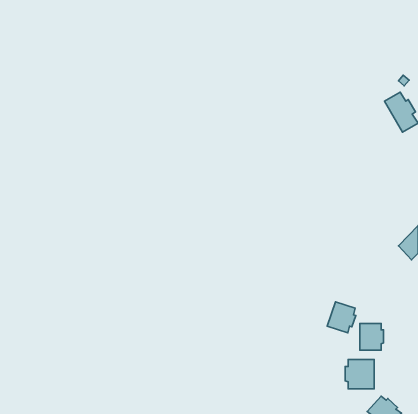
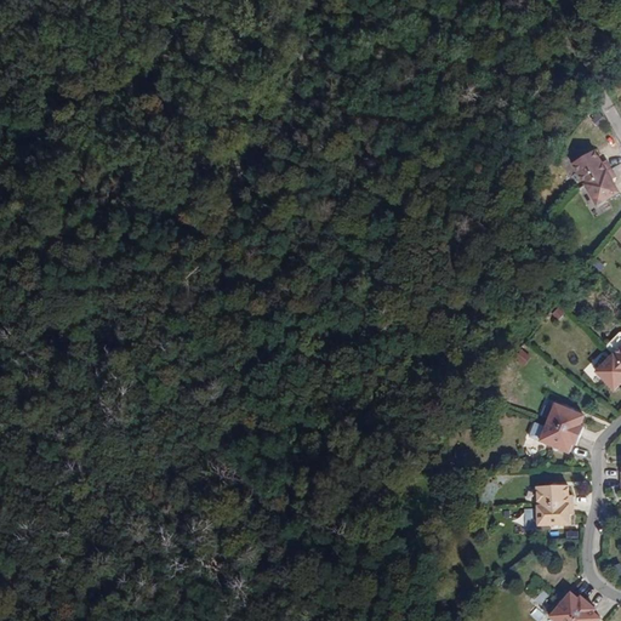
building: [327,302,356,333] -> [541,406,583,452]
building: [345,359,374,389] -> none

